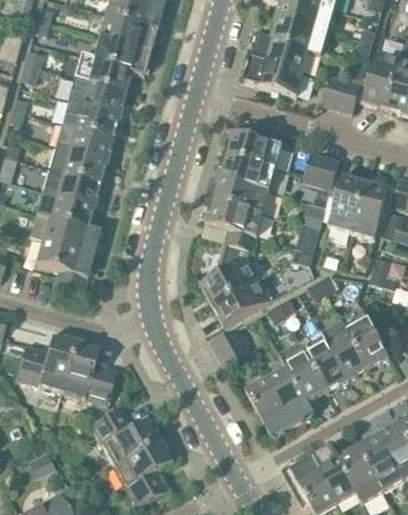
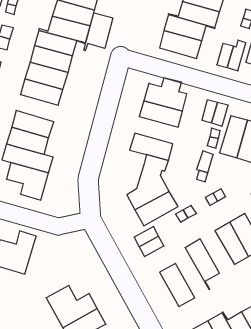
building: none -> [84,13,113,51]
building: [48,145,107,183] -> none
building: [212,176,271,213] -> none
building: [301,333,349,391] -> none
building: [61,341,116,406] -> none
building: [268,356,314,425] -> none

